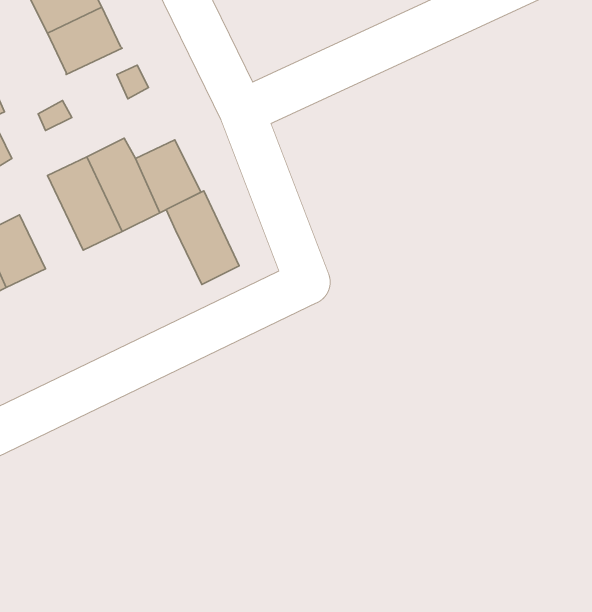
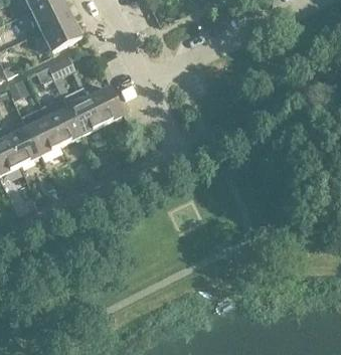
building: [166,191,239,284] -> [21,105,60,155]

